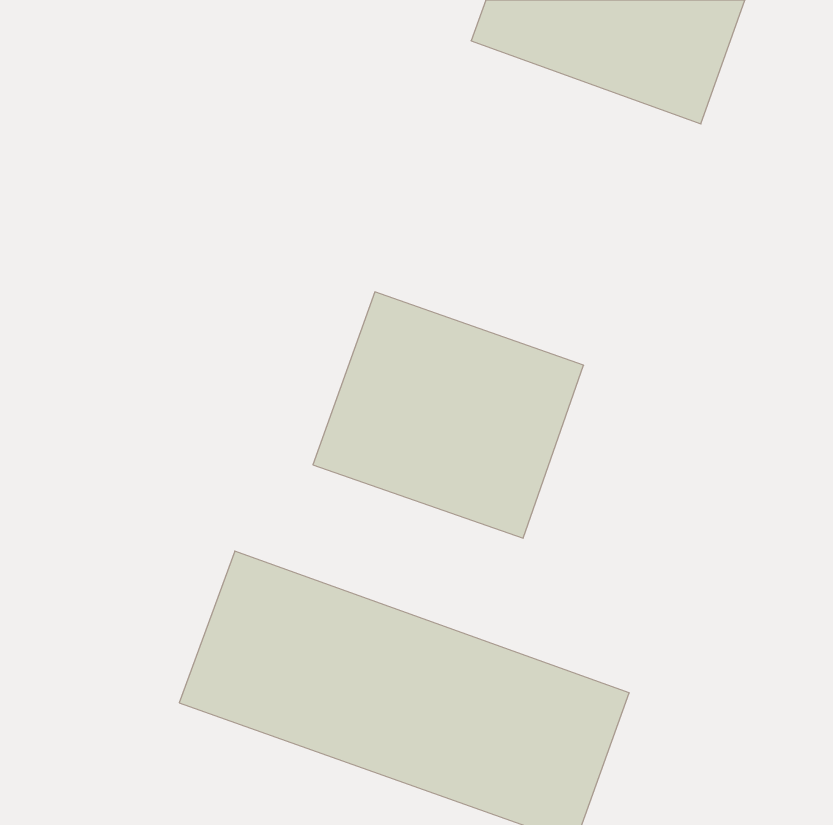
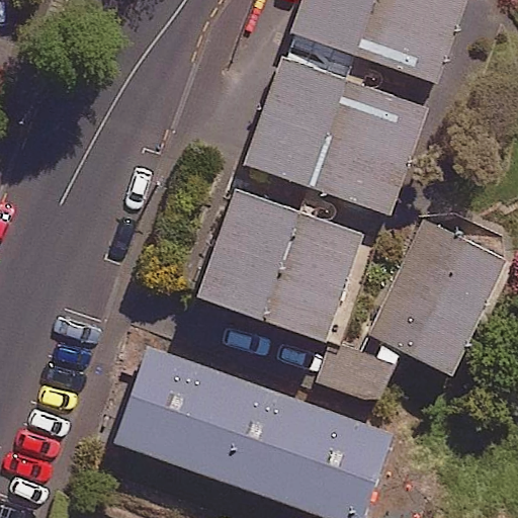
building: none -> [246,56,427,213]
building: none -> [323,223,506,409]

